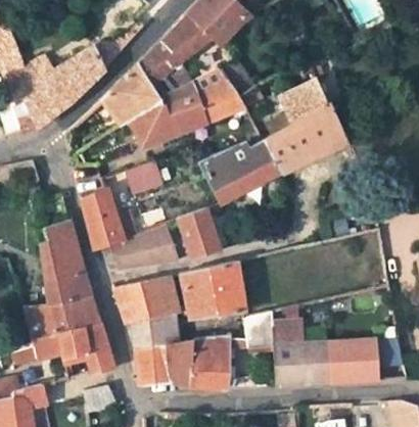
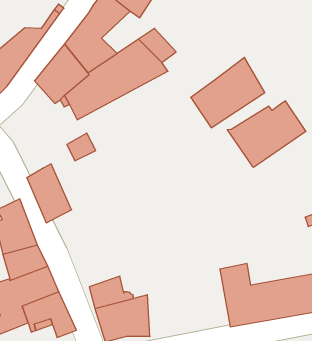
building: [281,76,327,123] -> none
building: [199,138,282,203] -> [227,101,306,167]
building: [178,208,221,258] -> none
building: [112,224,179,271] -> none
building: [179,260,244,319] -> none
building: [114,276,178,325] -> none
building: [244,312,273,348] -> none
building: [189,339,234,388] -> none

